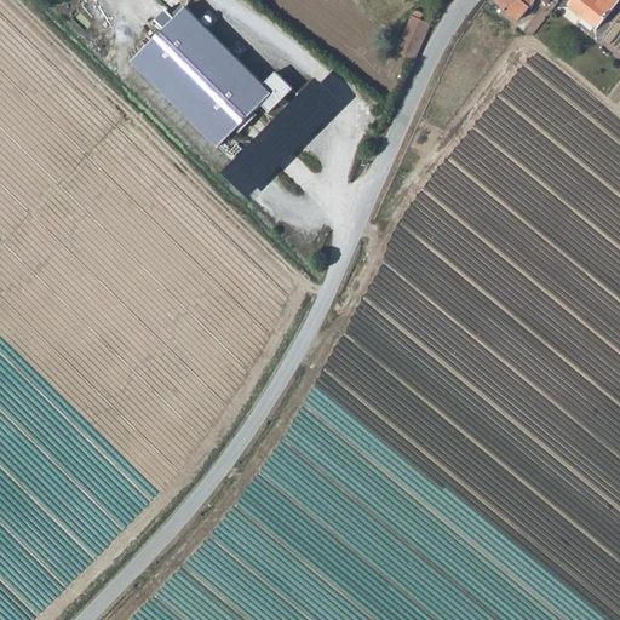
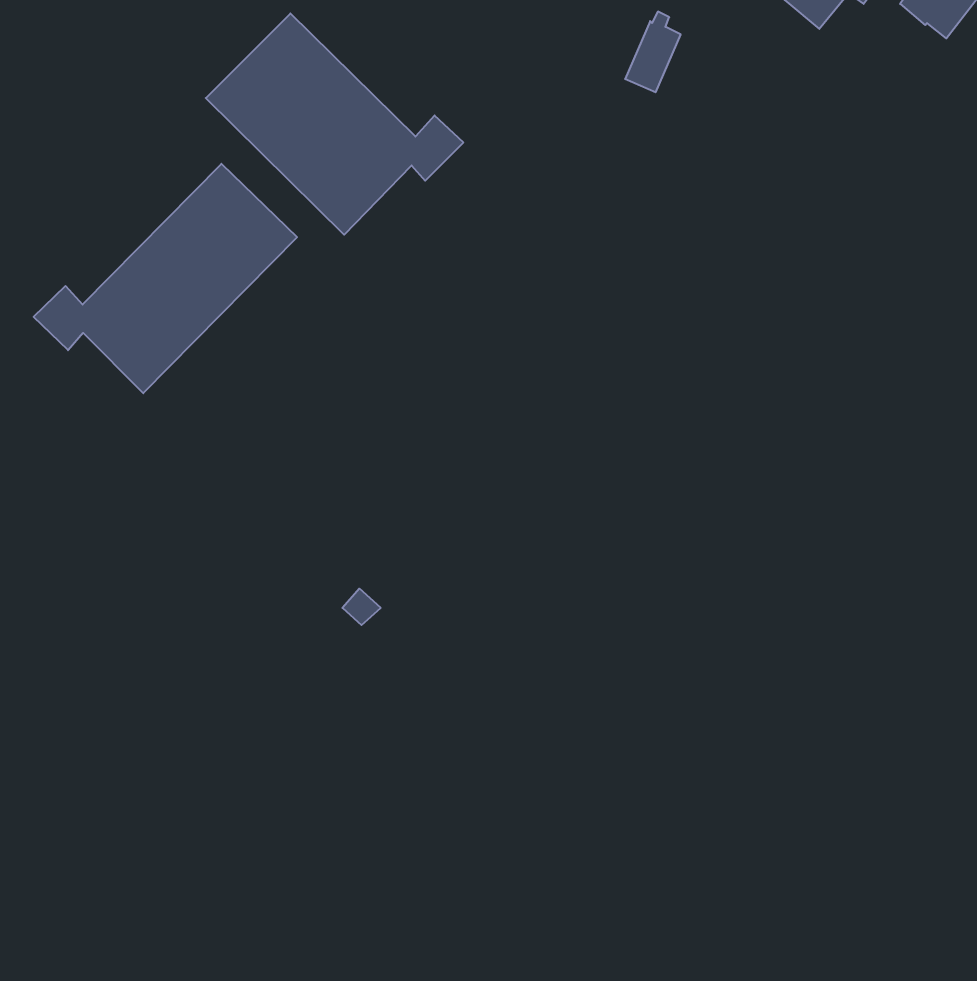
building: none -> [34,164,297,393]

